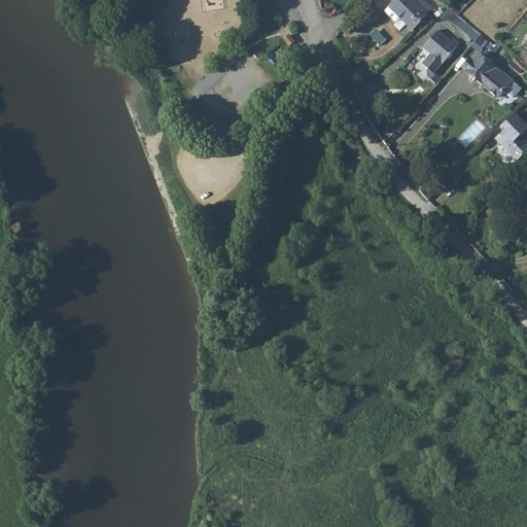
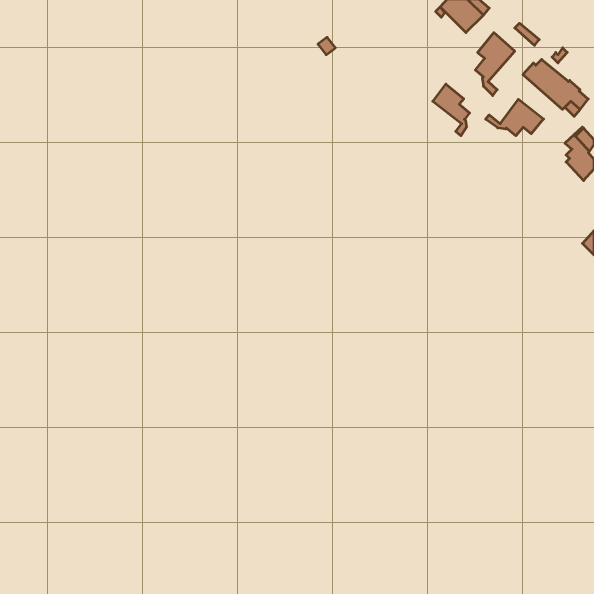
building: none -> [433,84,470,136]
building: none -> [486,99,544,136]

